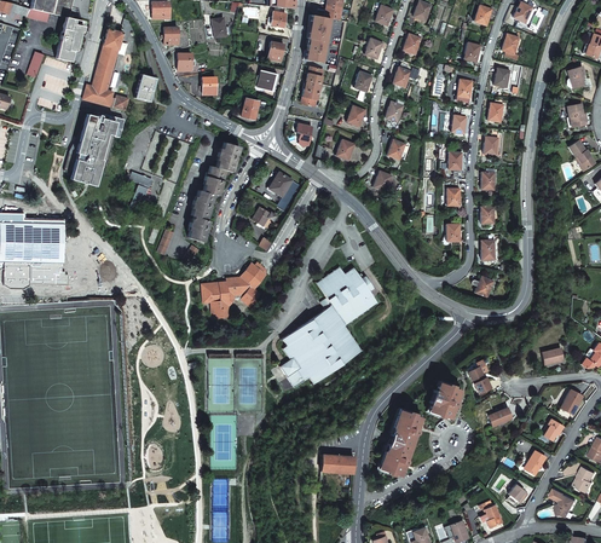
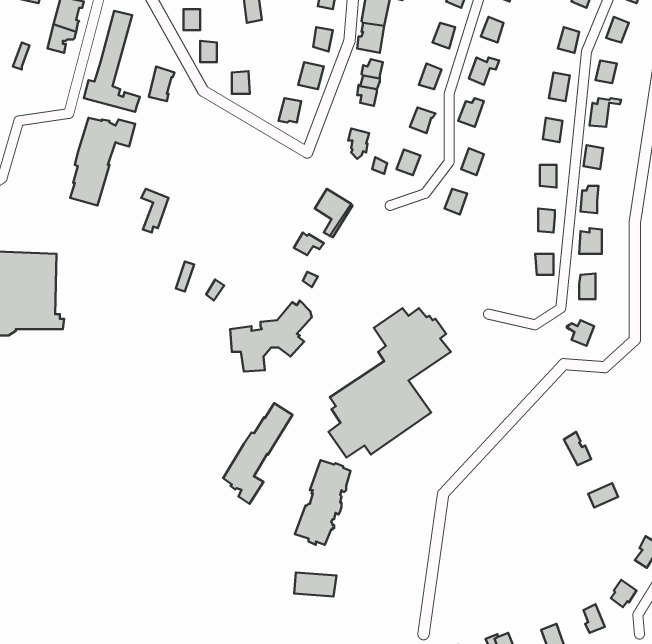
building: [184,143,239,242] -> none
building: none -> [223,403,292,504]
building: [429,383,461,420] -> none
building: [376,409,421,476] -> [295,460,351,545]
building: [319,454,353,473] -> [294,572,337,597]

